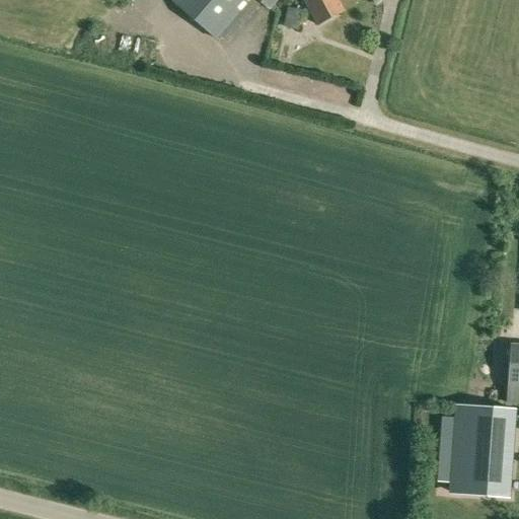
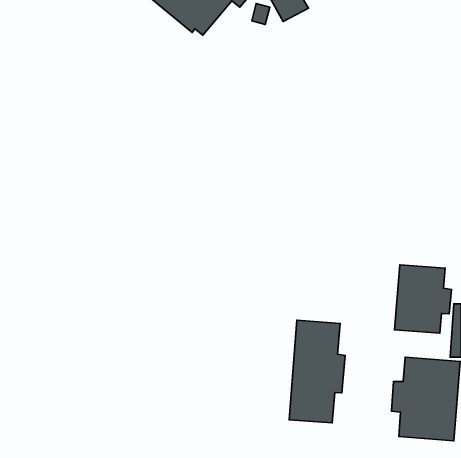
building: none -> [395,265,451,333]
building: none -> [289,320,345,423]

